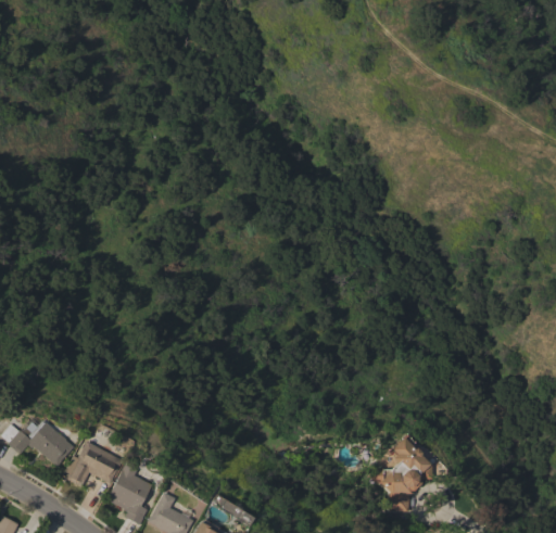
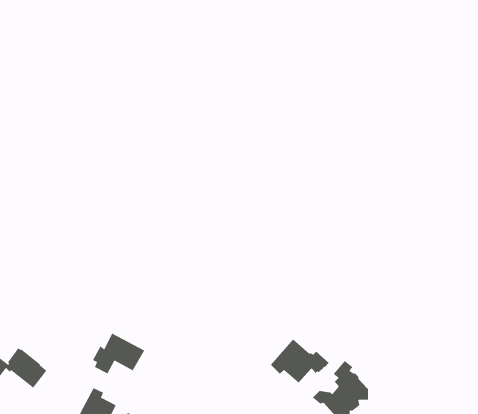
building: none -> [270,338,329,384]
building: [64,441,123,486] -> [92,333,145,374]

